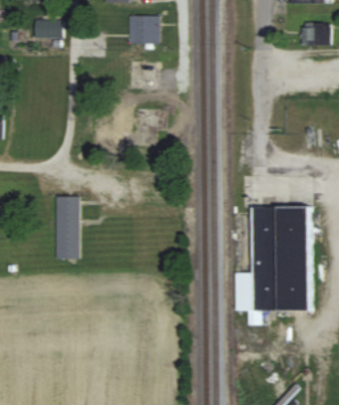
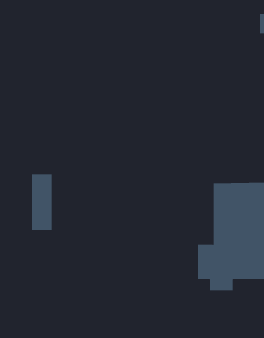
building: [133,15,152,43] -> none
building: [34,20,62,38] -> none

